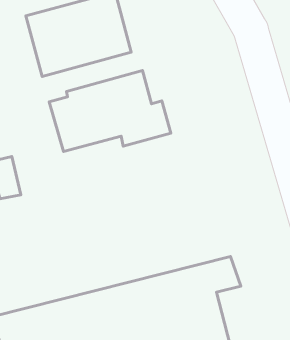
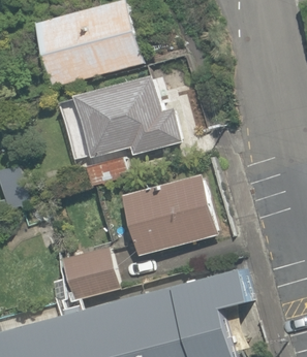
building: none -> [124,176,213,256]
building: none -> [64,245,119,299]

